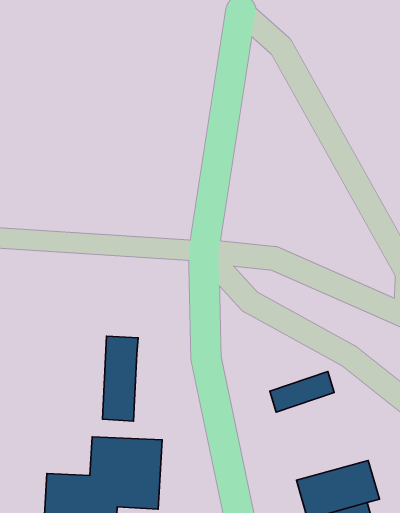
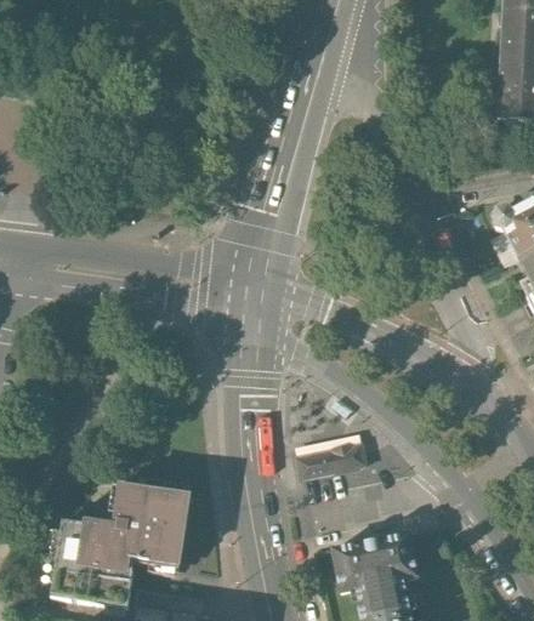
building: [102,336,138,421] -> none

